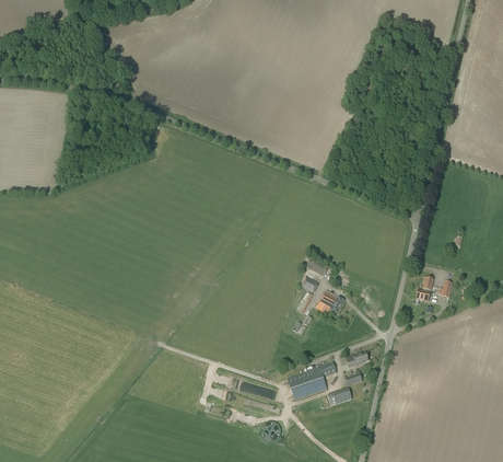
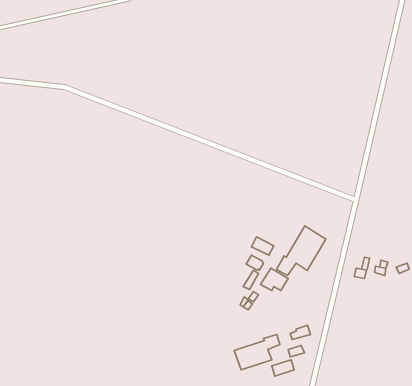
building: none -> [277,226,326,276]

